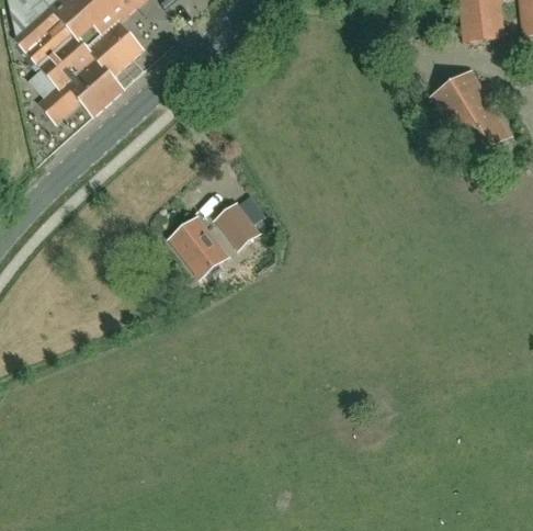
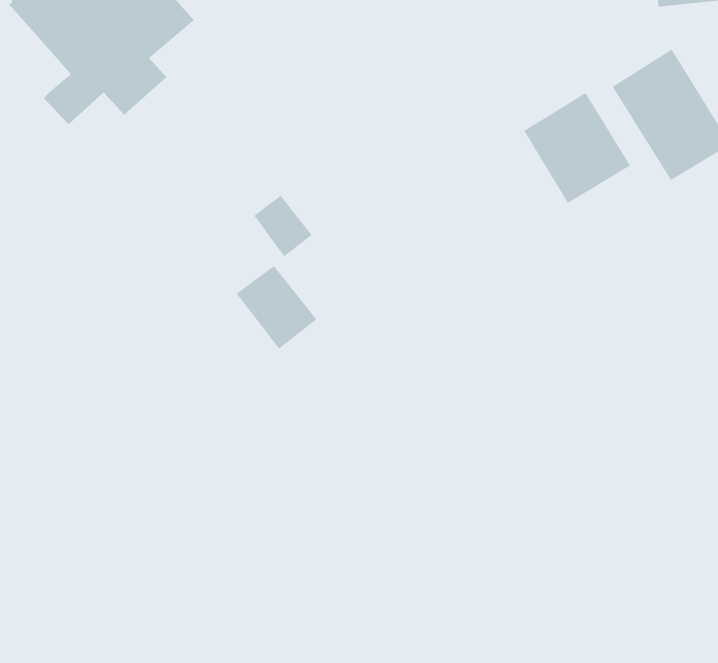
building: none -> [524,92,631,204]
building: [217,205,258,248] -> [254,195,313,257]

